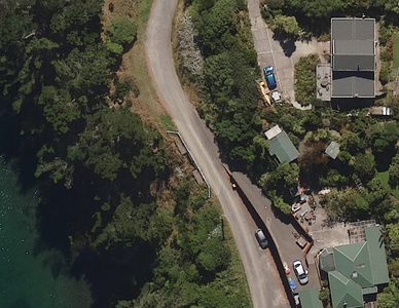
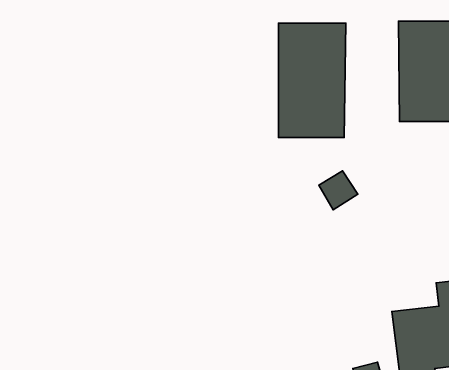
building: none -> [279,23,346,137]

